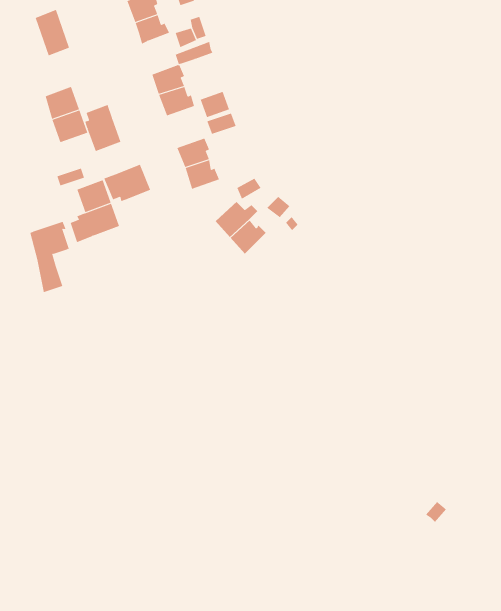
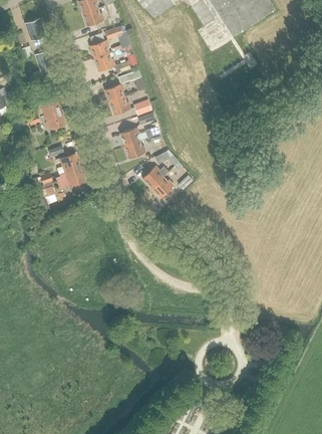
building: [84,104,121,152] -> none
building: [103,164,151,202] -> none

